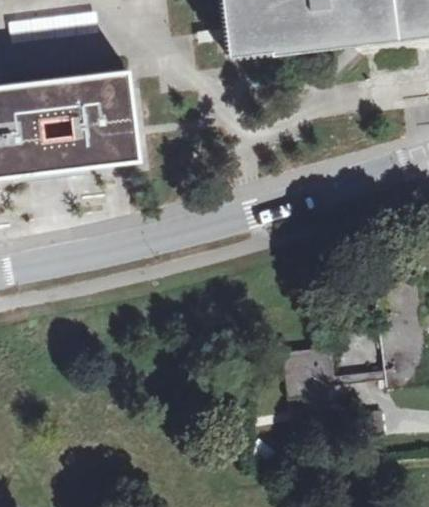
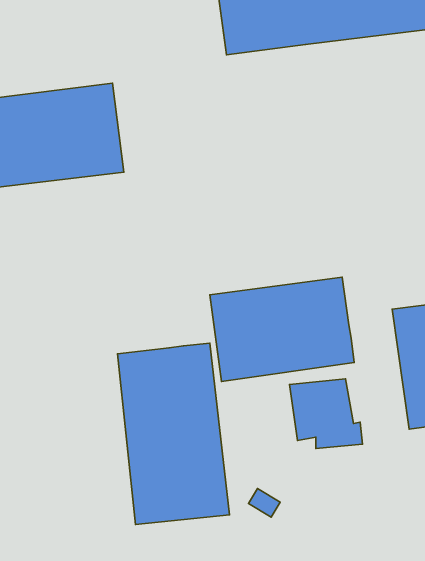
building: none -> [210,277,354,382]
building: none -> [117,343,229,525]

